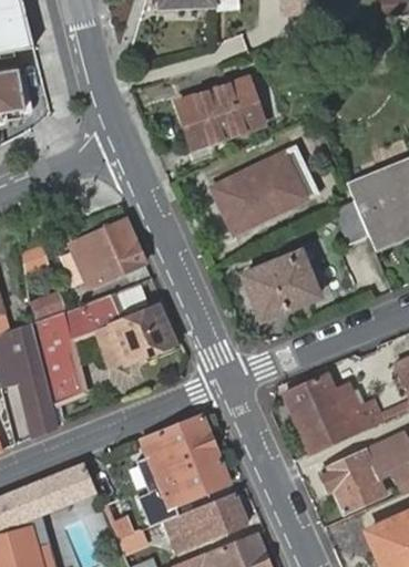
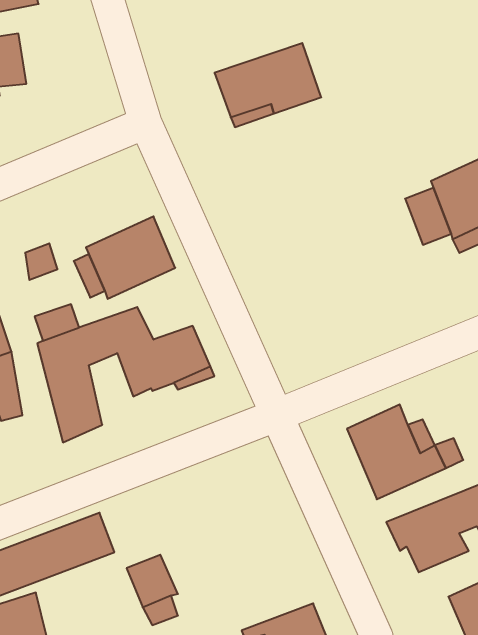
building: [215,145,319,228] -> none
building: [244,251,318,319] -> none
building: [11,323,59,435] -> none
building: [142,416,229,515] -> none
building: [165,495,249,550] -> none

